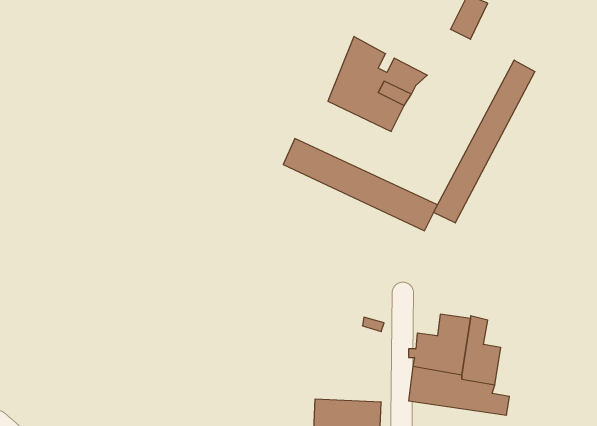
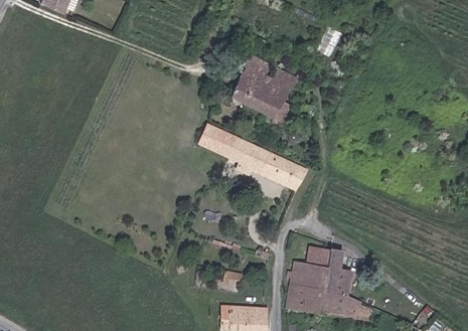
building: [434,60,535,223] -> none

